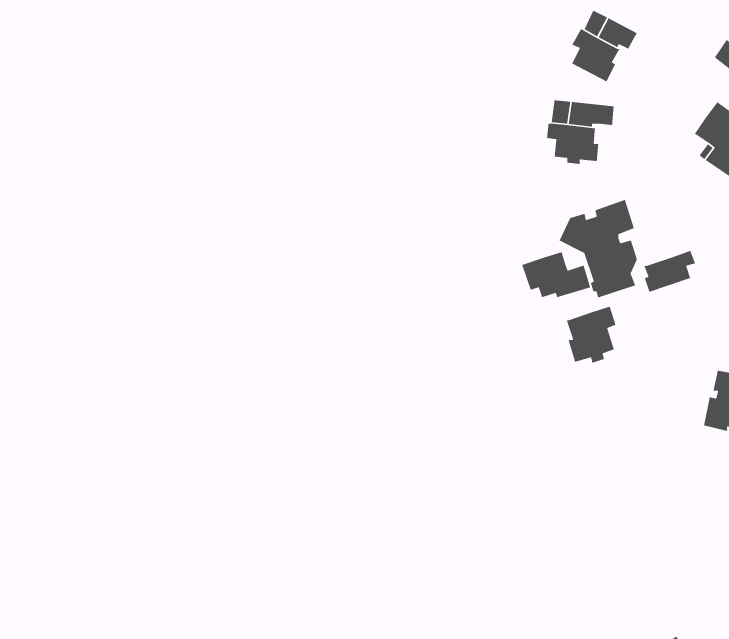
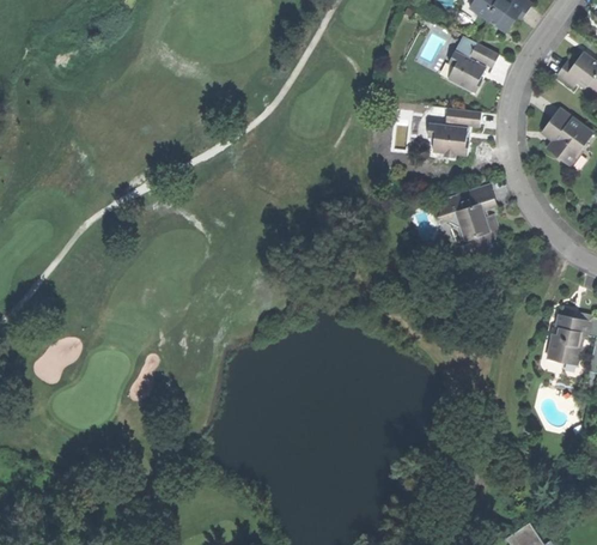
building: [643,250,696,293] -> none
building: [521,251,591,298] -> none
building: [566,306,617,364] -> none

